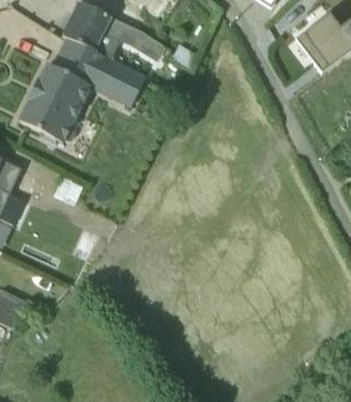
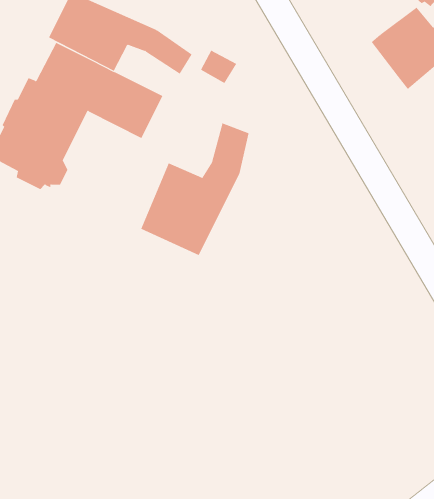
building: none -> [141,122,249,256]

